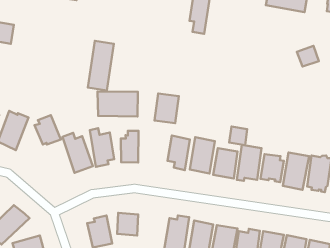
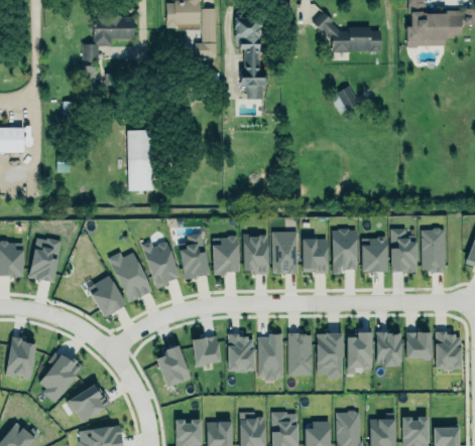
building: [297,46,319,67] -> [331,86,360,114]
building: [98,91,138,116] -> none
building: [155,94,179,123] -> [213,237,240,272]
building: [35,115,61,145] -> [91,274,126,312]
building: [229,127,247,145] -> none
building: none -> [228,332,254,367]

